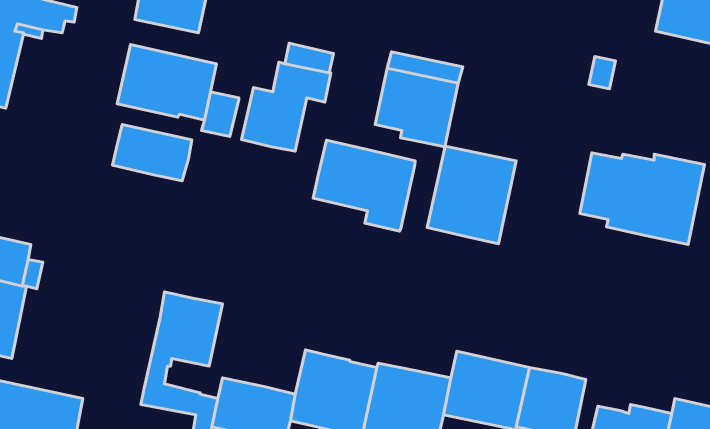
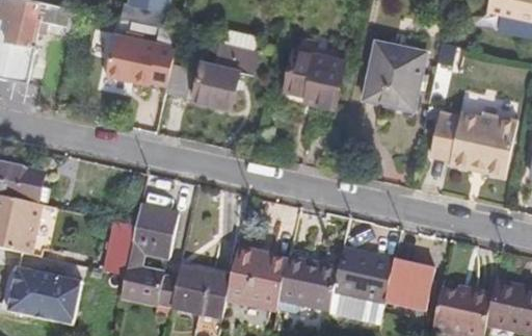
building: [112,124,192,181] -> none
building: [313,140,415,231] -> none
building: [427,146,516,244] -> [362,40,424,108]
building: none -> [103,221,135,276]

